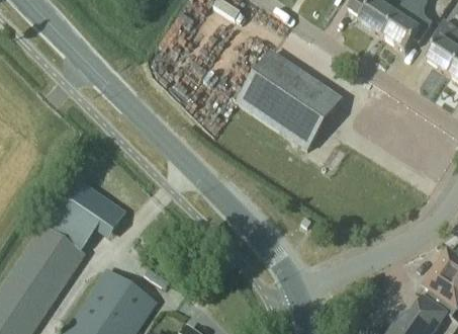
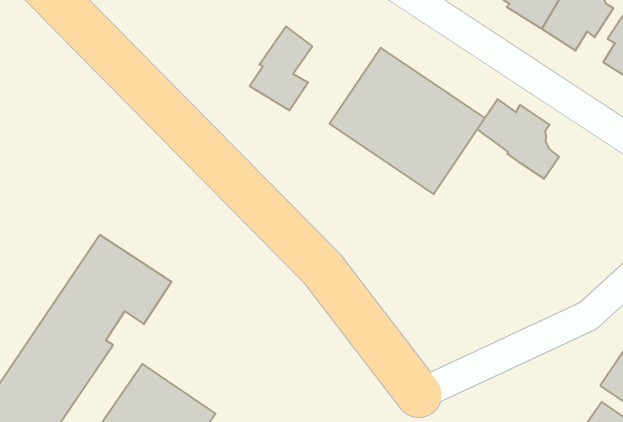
building: none -> [250,26,312,110]
building: none -> [477,99,559,179]

